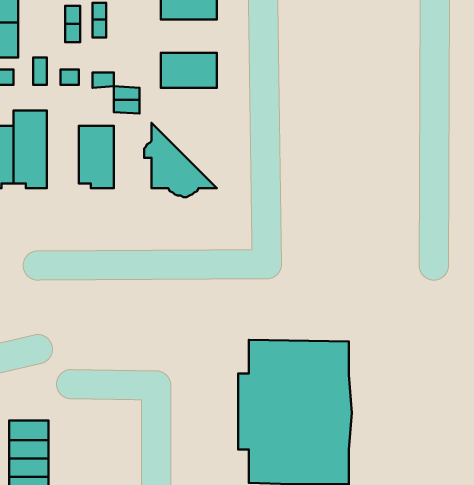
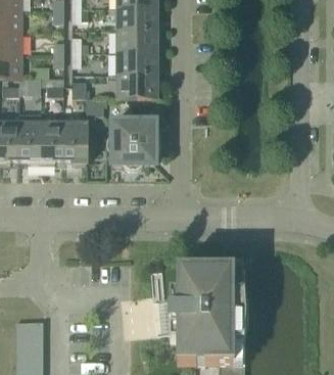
building: none -> [117,51,155,74]
building: none -> [111,115,160,165]
building: none -> [41,123,62,165]

